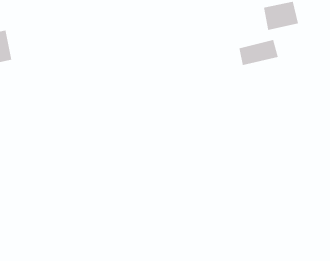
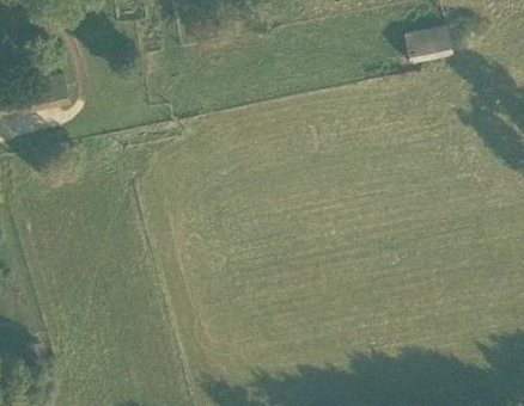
building: [239,39,279,66] -> none

